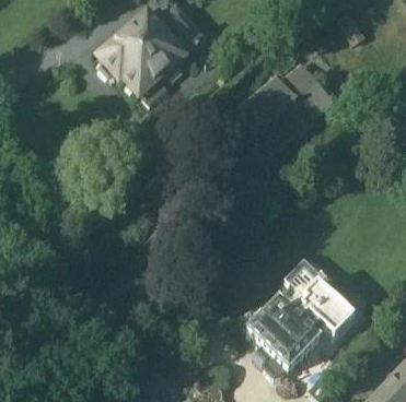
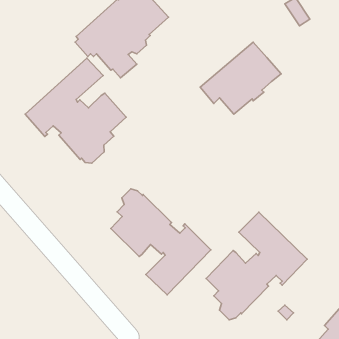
building: none -> [25,58,126,163]
building: none -> [111,189,211,295]

